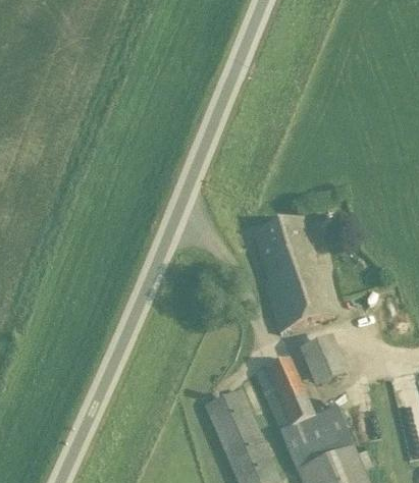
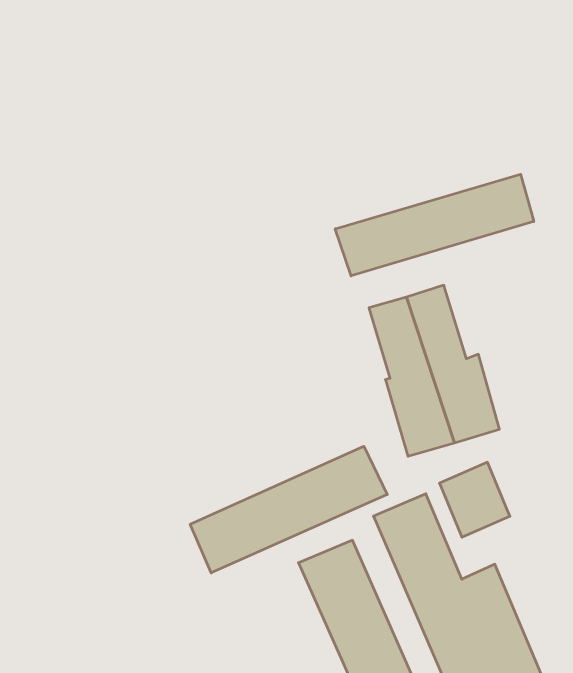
building: none -> [335,174,534,276]
building: none -> [190,446,387,573]

